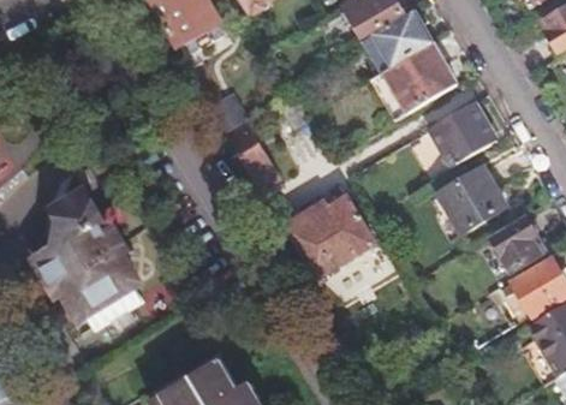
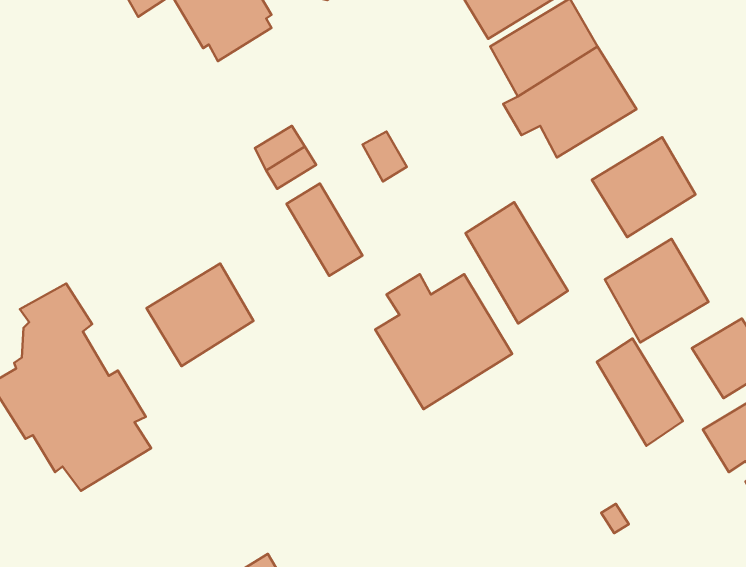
building: none -> [466,202,568,324]
building: none -> [146,263,253,366]
building: none -> [597,339,683,446]

